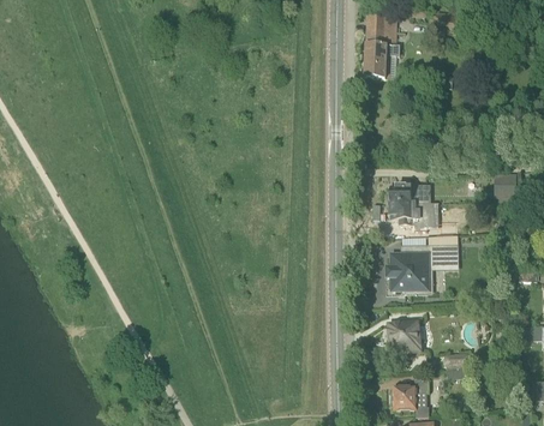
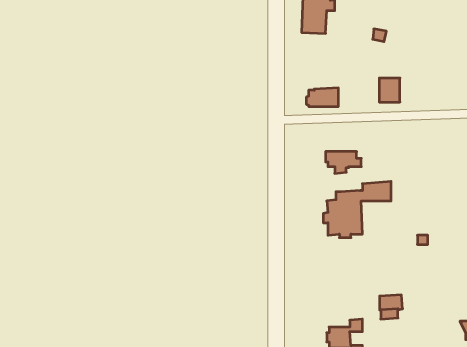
building: [495,173,516,198] -> [379,78,400,102]
building: [388,184,422,203] -> [306,88,338,106]
building: [389,320,419,354] -> none

